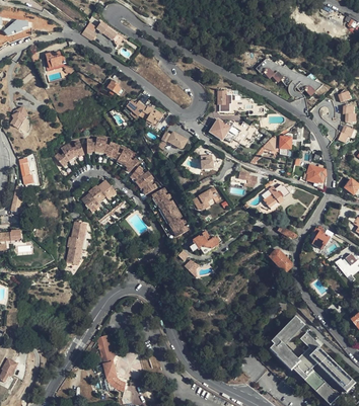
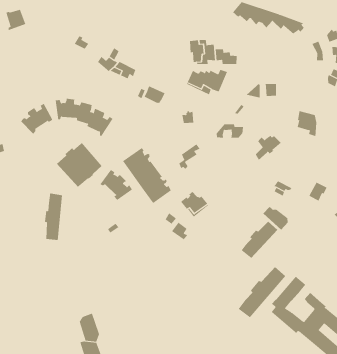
building: [126,166,156,195] -> [99,169,133,200]
building: none -> [241,221,278,259]
building: none -> [238,266,286,318]

